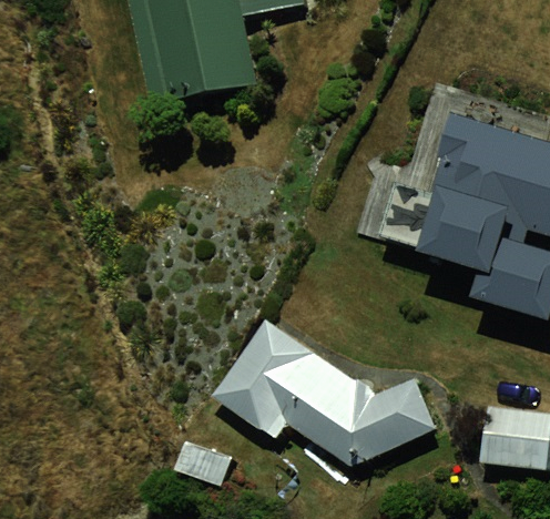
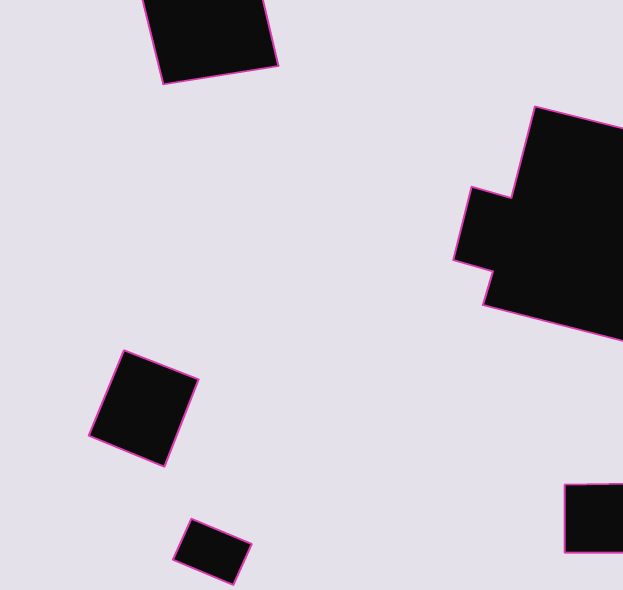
building: none -> [89,350,199,467]
building: [215,324,429,470] -> none

